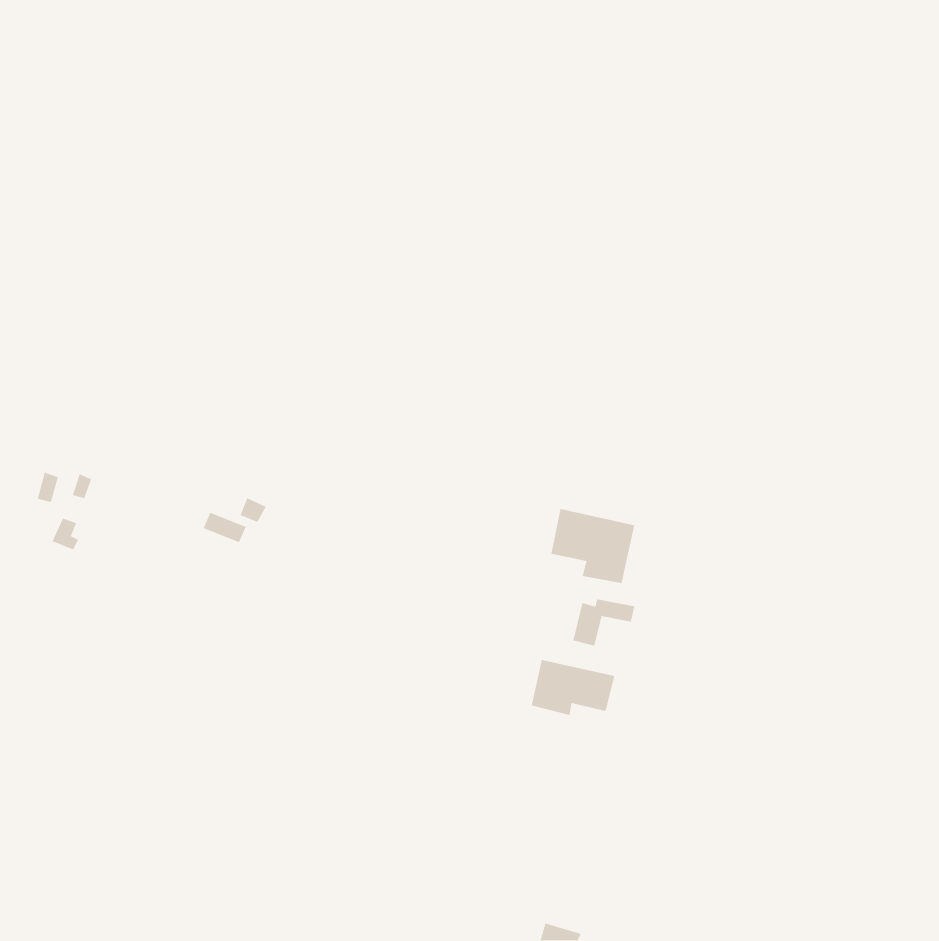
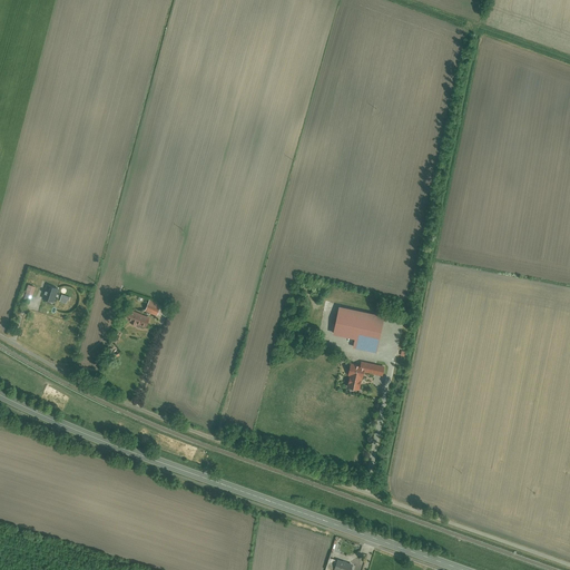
building: [531,659,615,716] -> none

